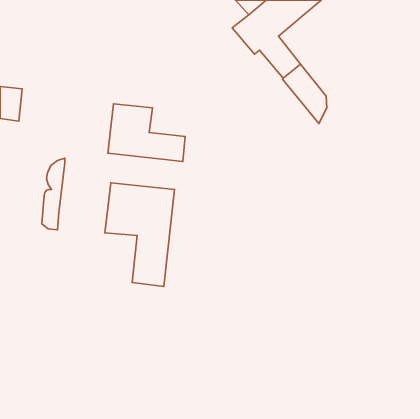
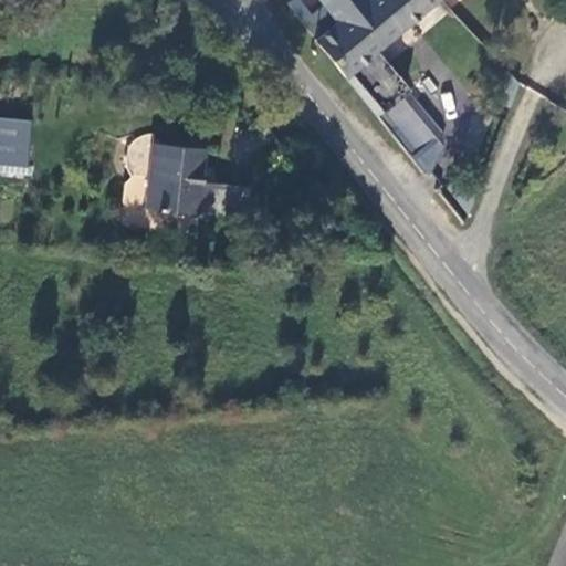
building: [42,158,65,230] -> [123,135,154,231]
building: [105,183,175,286] -> none

